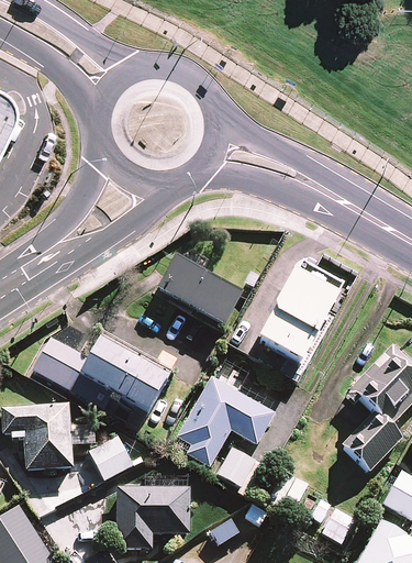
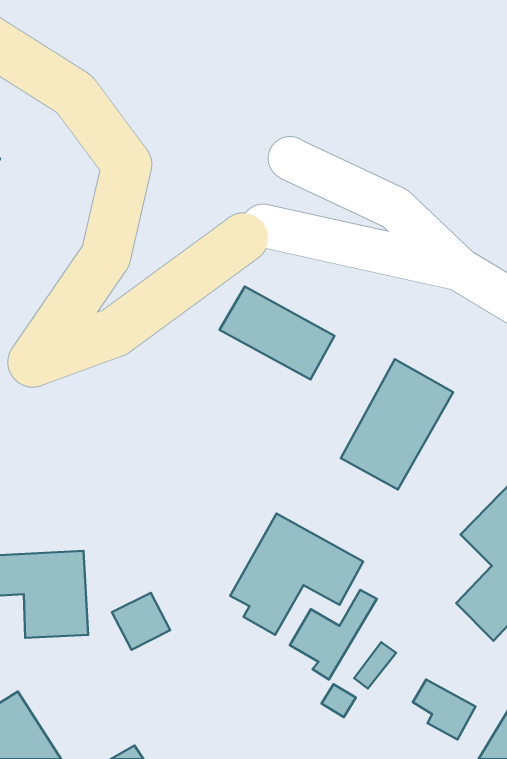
building: [157,255,242,323] -> [219,287,335,379]
building: [34,338,167,412] -> none
building: [116,470,189,548] -> none

